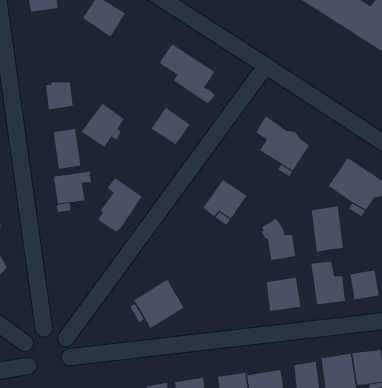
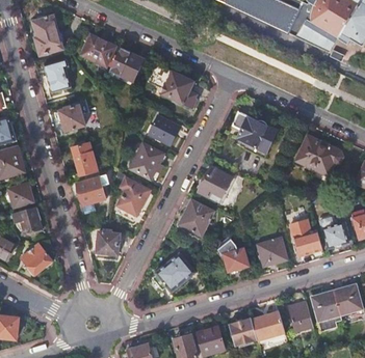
building: none -> [109,49,142,85]
building: none -> [44,58,72,92]
building: [81,103,125,148] -> [130,143,163,178]
building: [311,206,344,253] -> none
building: none -> [180,199,214,235]
building: [260,218,296,260] -> [217,237,249,271]
building: none -> [97,228,120,254]

